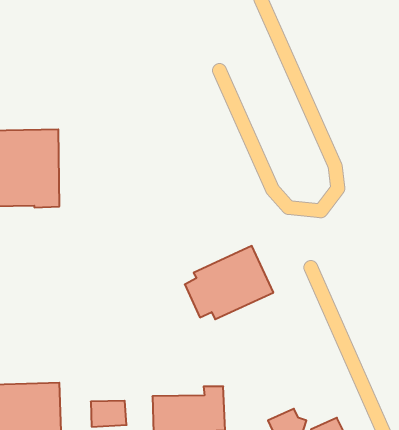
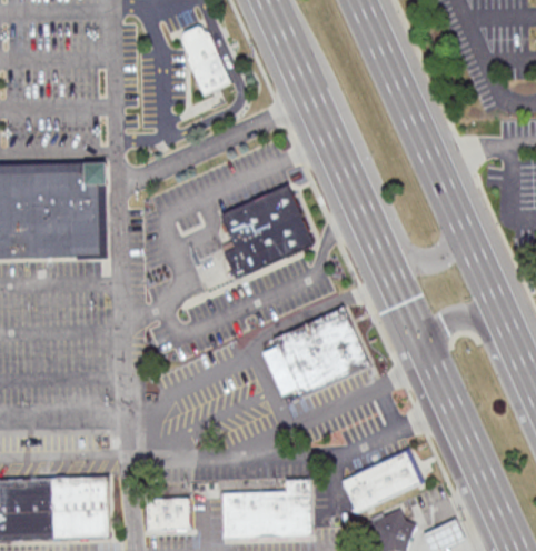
building: none -> [181,28,229,94]
building: none -> [218,186,312,280]
building: none -> [340,449,423,513]

